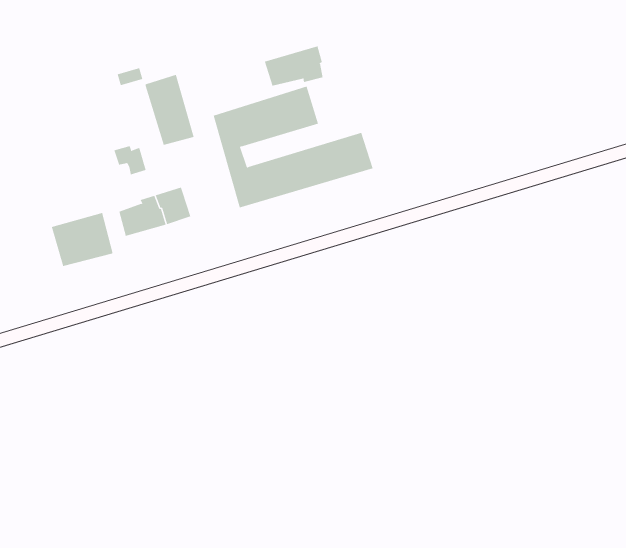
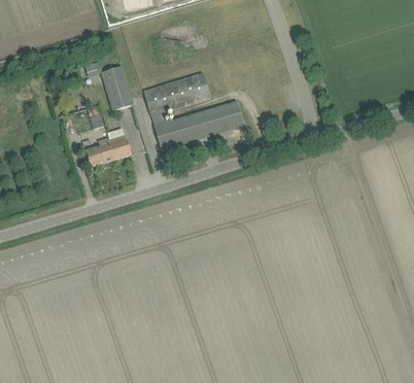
building: [264,45,323,86] -> none
building: [51,212,113,267] -> none

